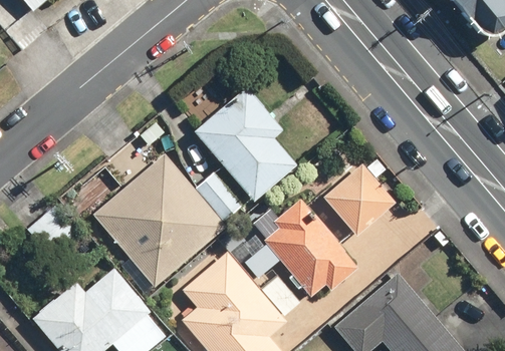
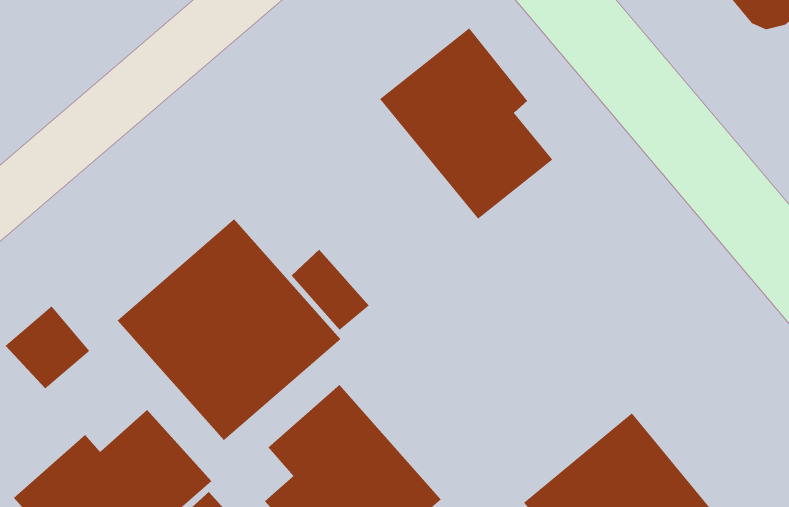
building: [192,88,296,204] -> [379,27,553,220]
building: [322,163,396,237] -> none
building: [261,199,357,298] -> none

